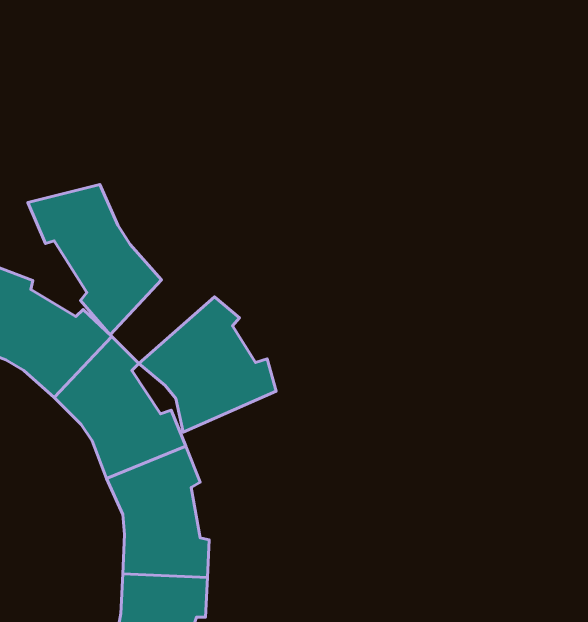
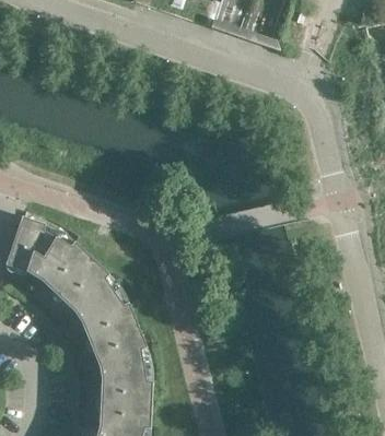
building: [28,184,161,335] -> none
building: [139,297,276,432] -> none

